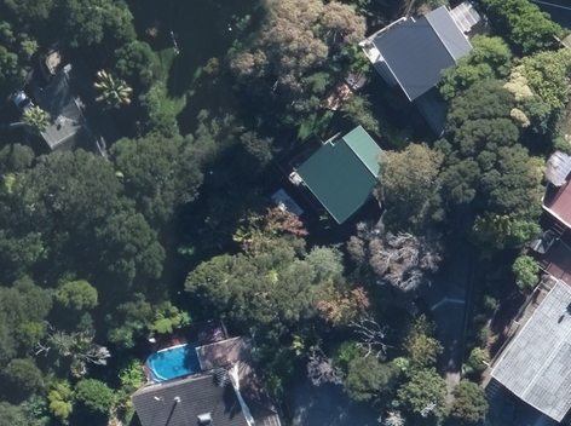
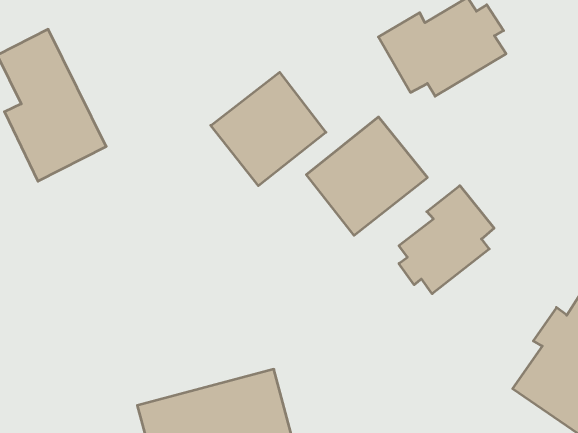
building: none -> [211,72,326,186]
building: none -> [399,186,494,294]

